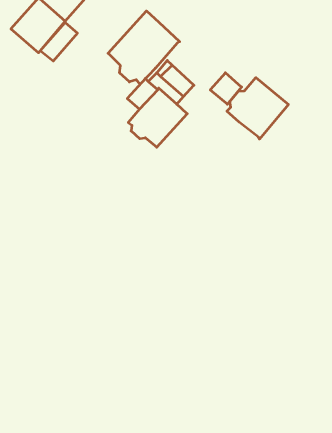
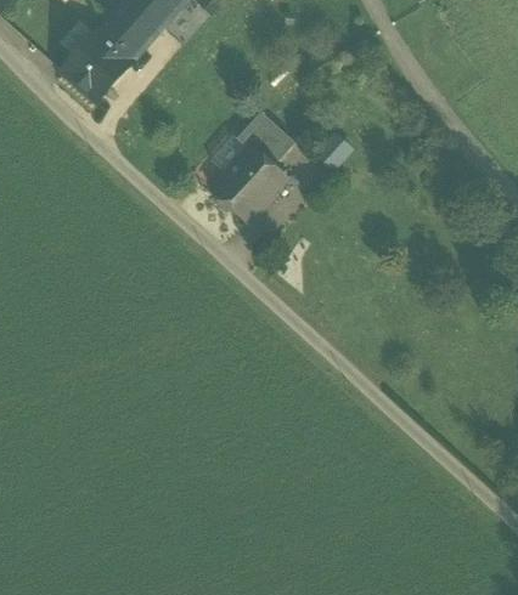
building: [108,11,180,84] -> none
building: [40,23,77,61] -> none
building: [227,78,288,139] -> none

